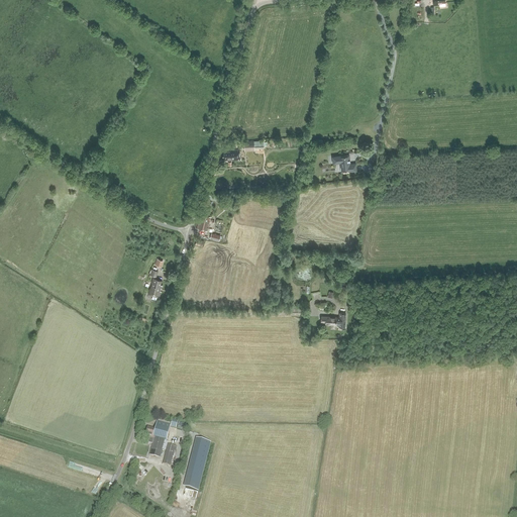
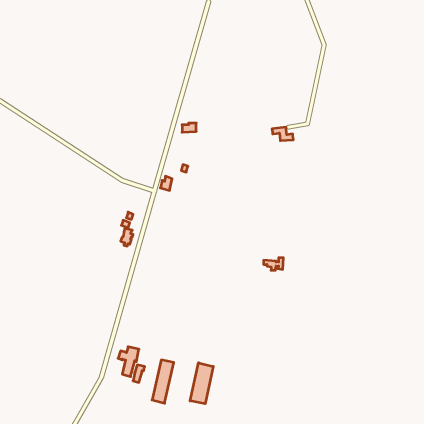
building: none -> [190,363,213,404]

